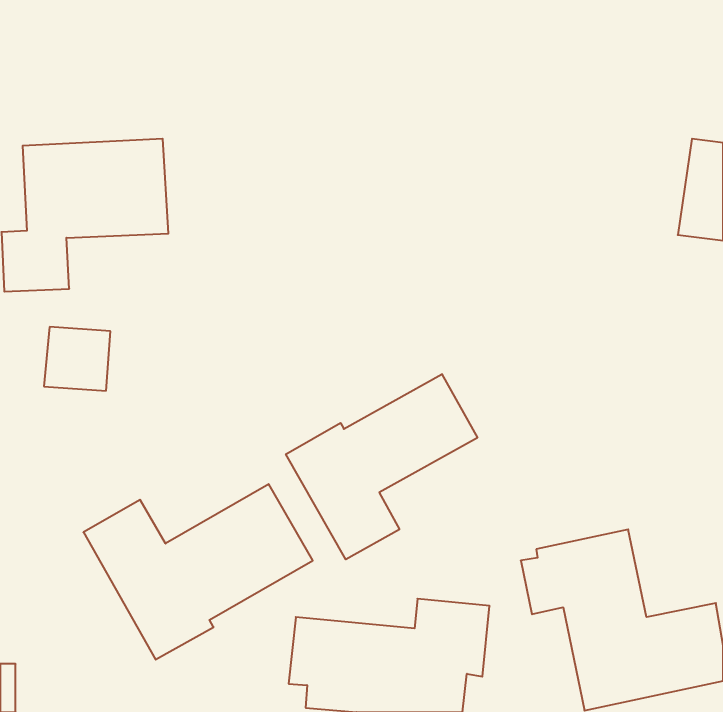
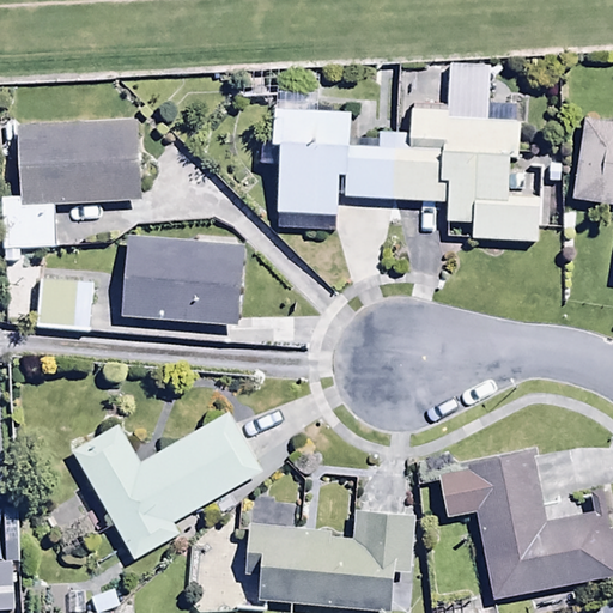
building: none -> [272,59,538,239]
building: none -> [121,236,243,324]
building: [286,374,477,559] -> none

